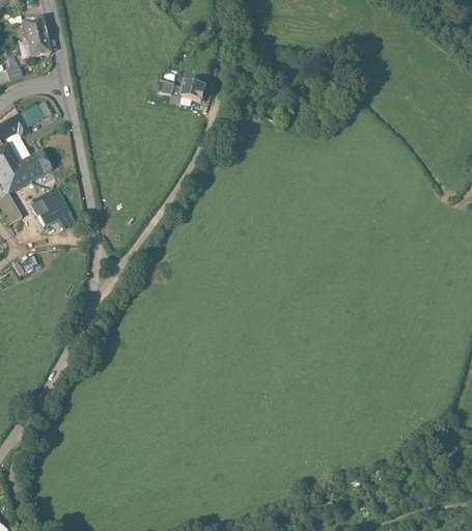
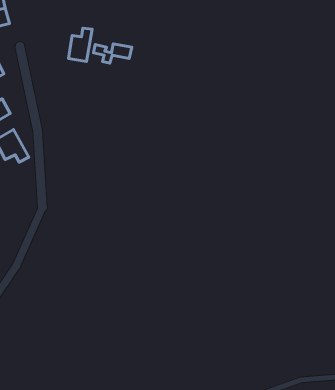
building: none -> [68,28,92,62]

